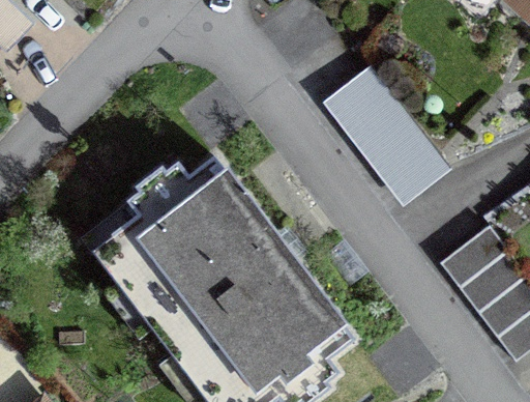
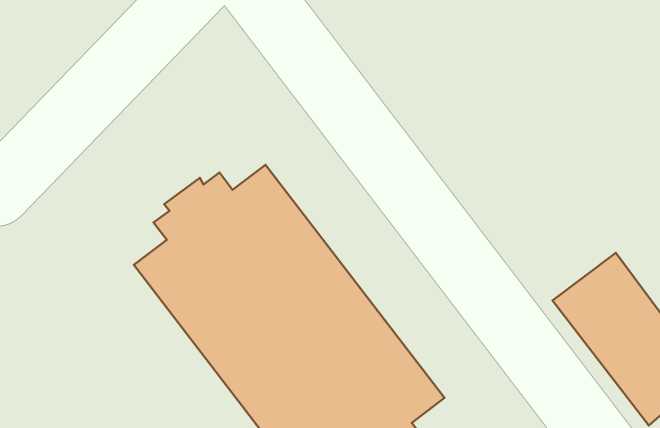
building: [333,71,446,196] -> none

